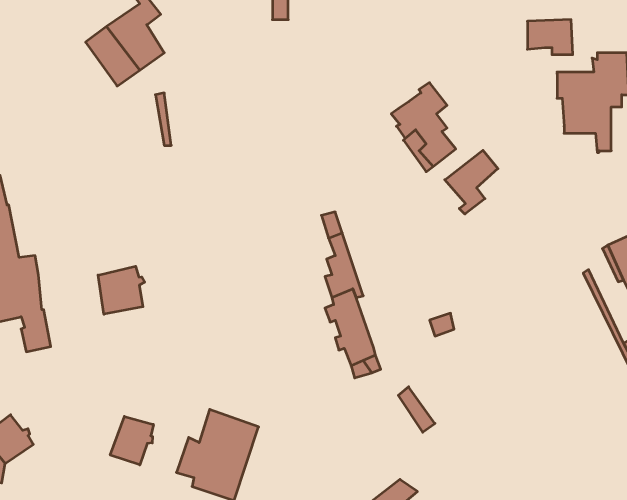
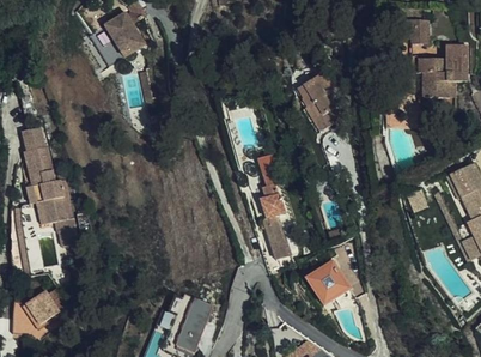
building: [445,150,498,214] -> none
building: [98,266,145,314] -> none
building: none -> [316,260,352,298]
building: [110,416,153,465] -> none

